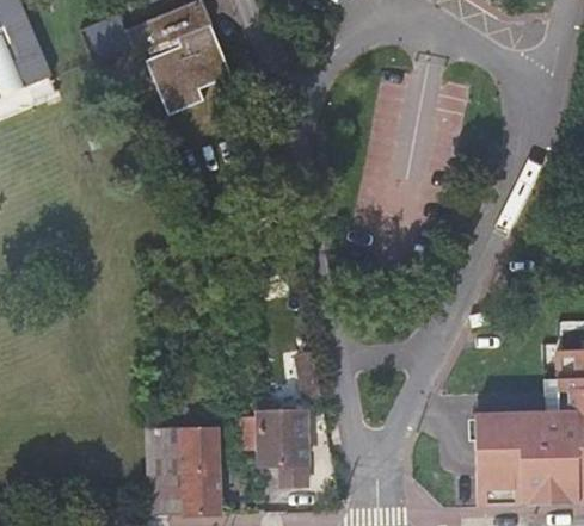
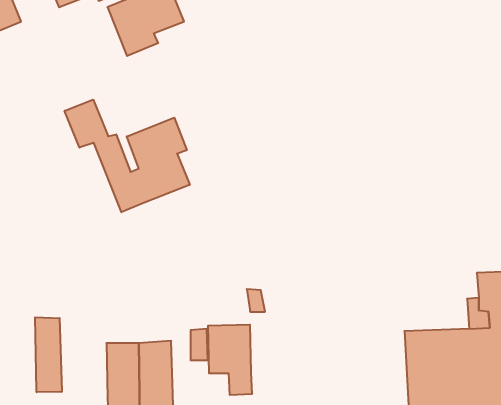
building: none -> [65,100,190,212]
building: none -> [35,317,62,392]

